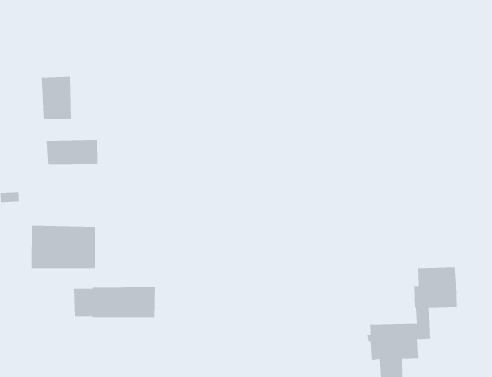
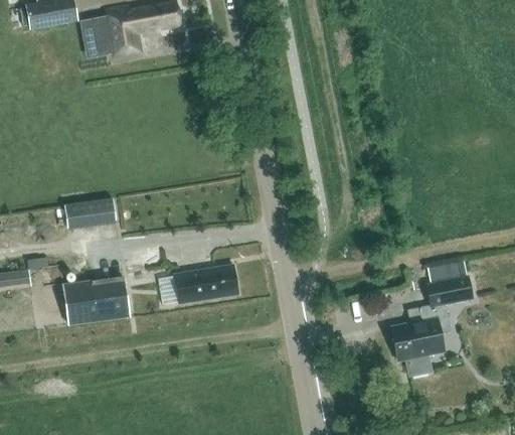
building: [41,76,72,120] -> none
building: [73,287,156,318] -> [158,265,238,305]

